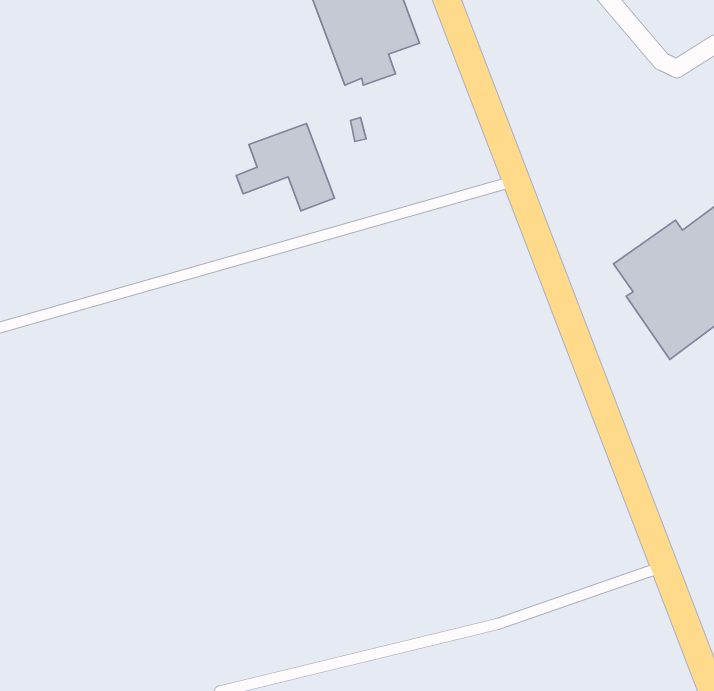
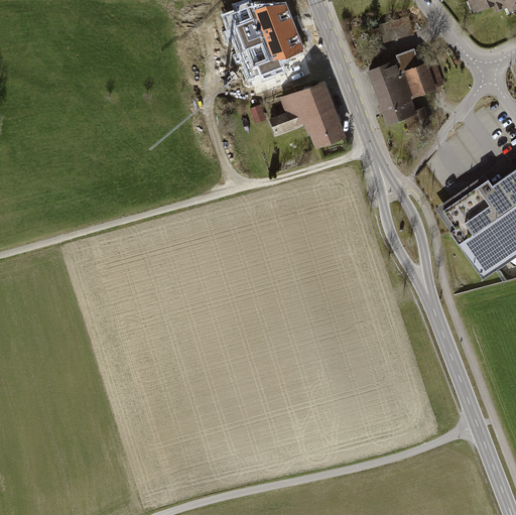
building: none -> [369,52,439,123]
building: [236,124,335,211] -> [273,82,344,144]

